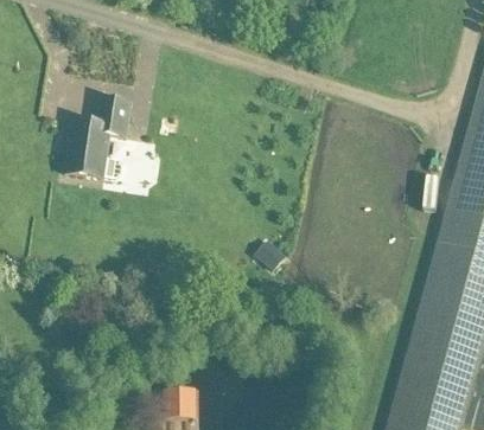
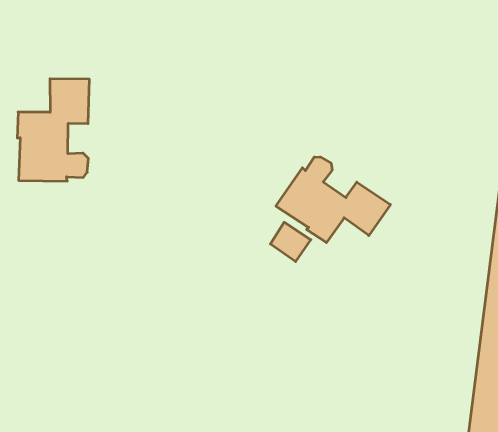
building: none -> [276,157,390,243]

